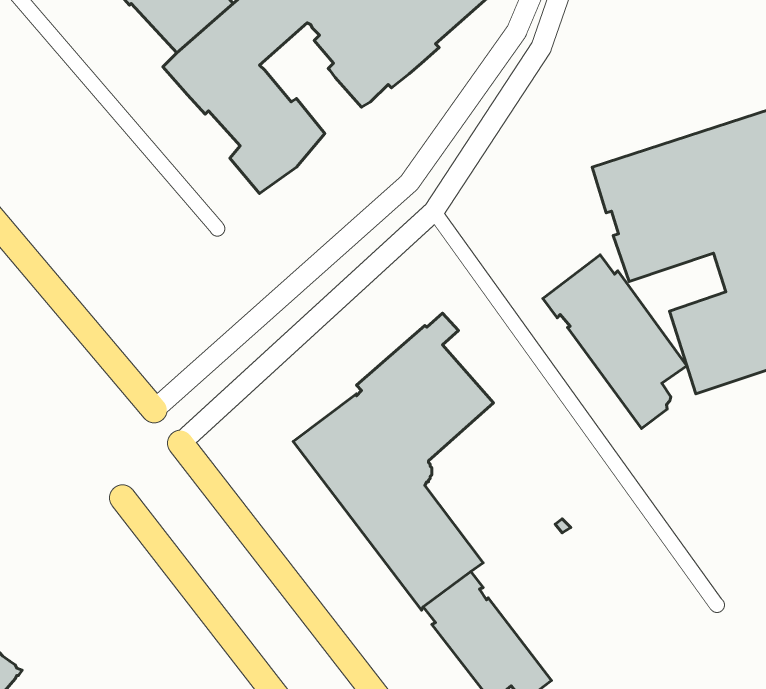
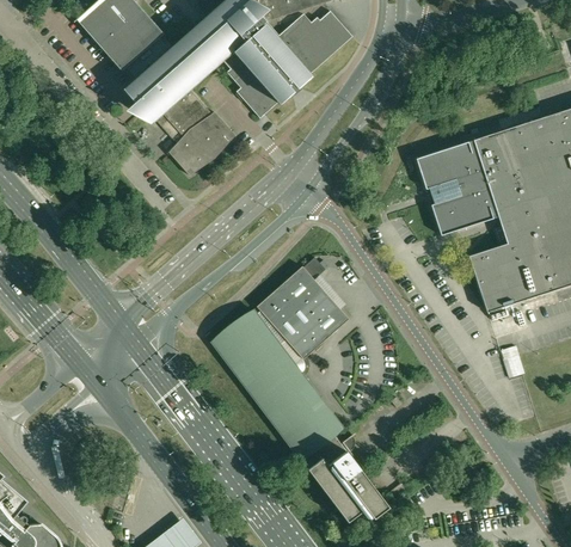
building: [543,255,687,428] -> none

